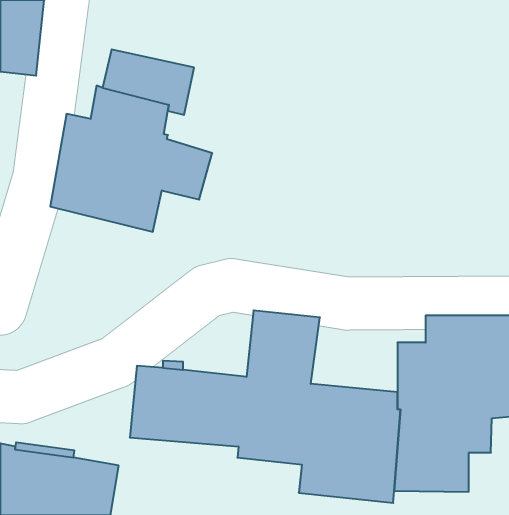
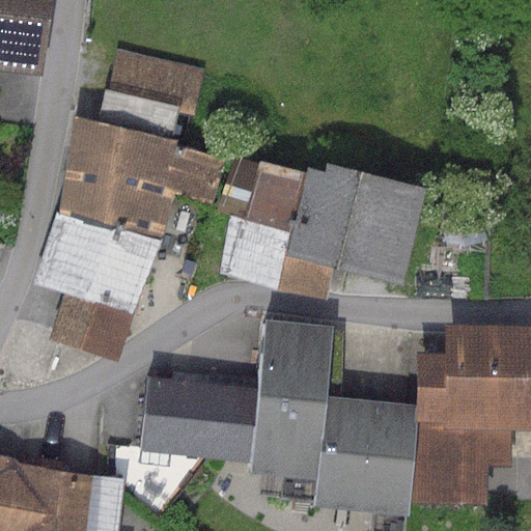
building: none -> [222,156,427,299]
building: none -> [31,213,163,362]

